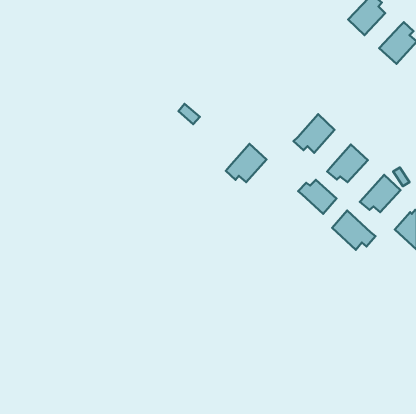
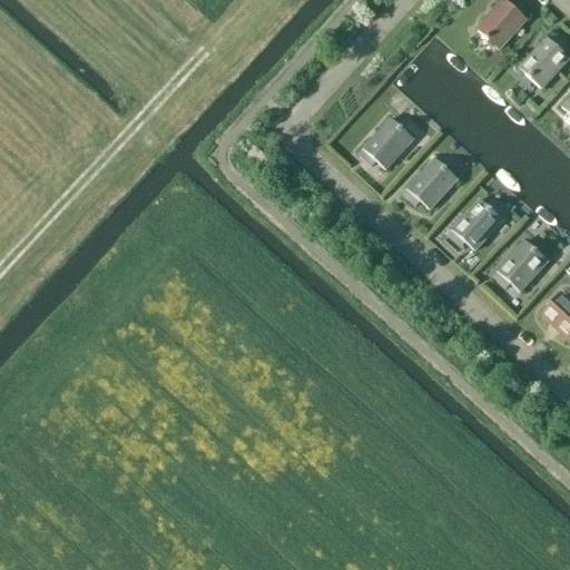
building: [226,144,267,182] -> [358,116,414,168]
building: [298,180,337,214] -> none
building: [332,211,376,250] -> none

